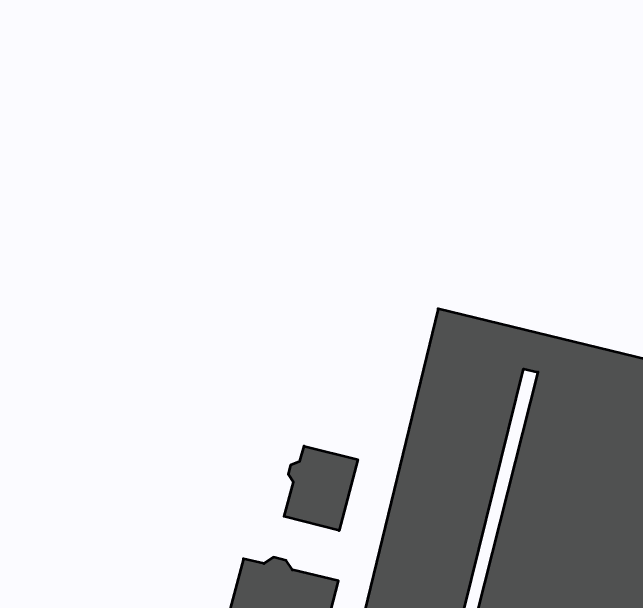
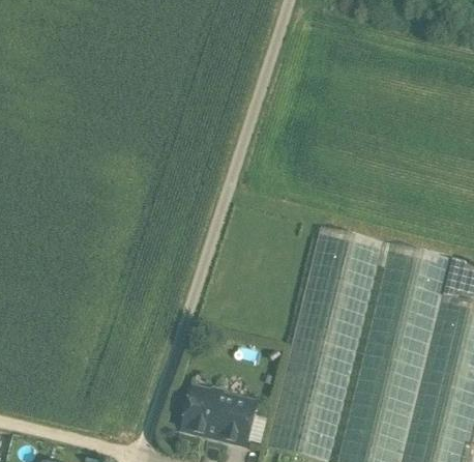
building: [284,446,358,531] -> none

